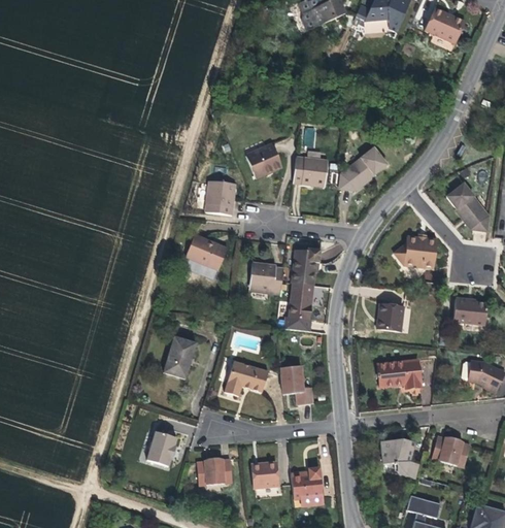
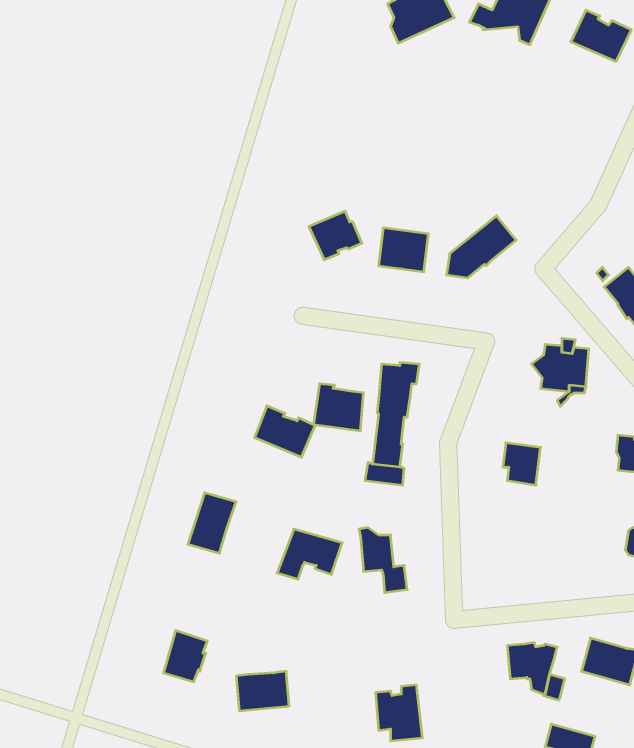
building: [205,179,235,214] -> none
building: [186,234,227,269] -> [255,406,315,457]
building: [375,359,419,388] -> none
building: [251,461,278,487] -> none

